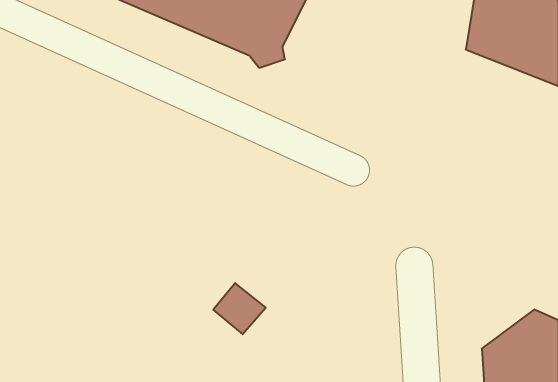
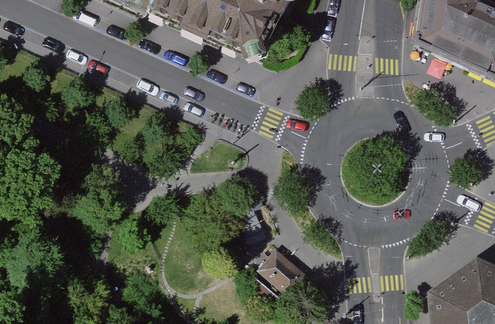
building: [213,283,266,334] -> [261,247,304,289]

